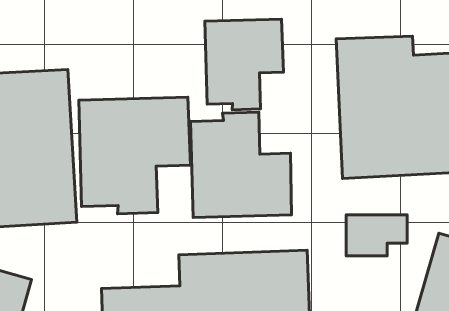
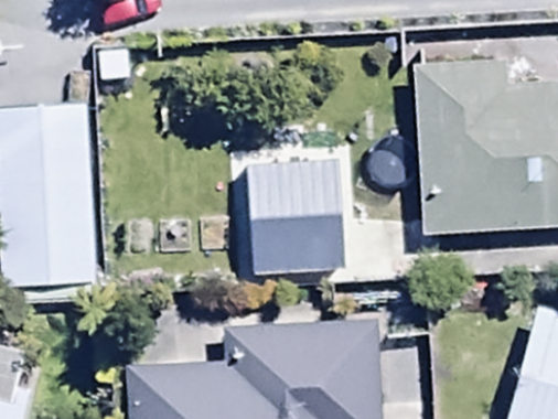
building: [205,19,283,110] -> none
building: [79,97,191,214] -> none

